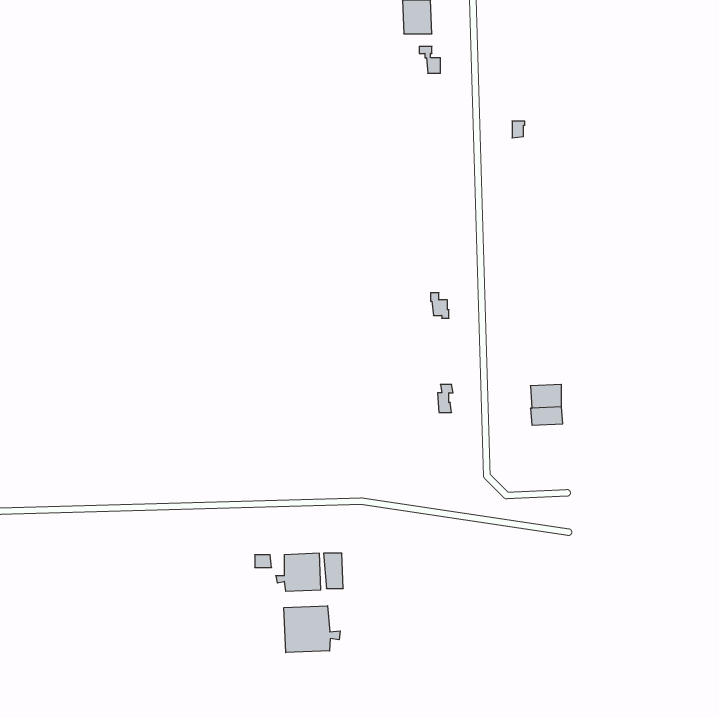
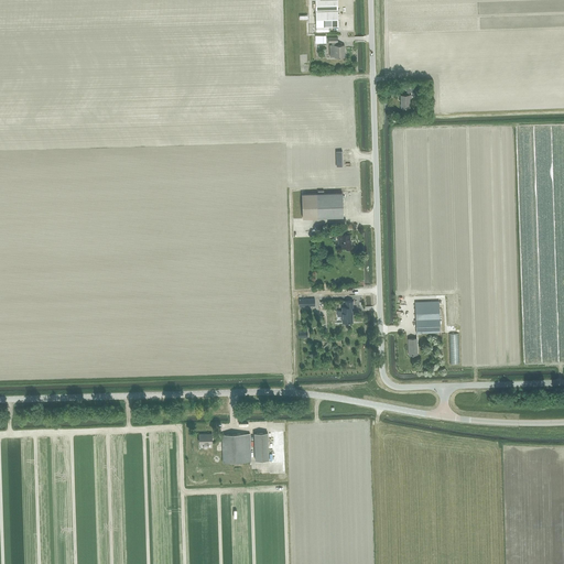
building: none -> [303,191,344,220]
building: [284,606,340,653] -> none

